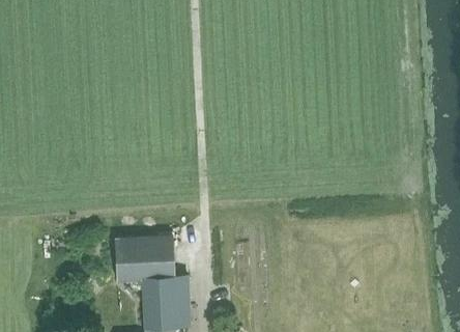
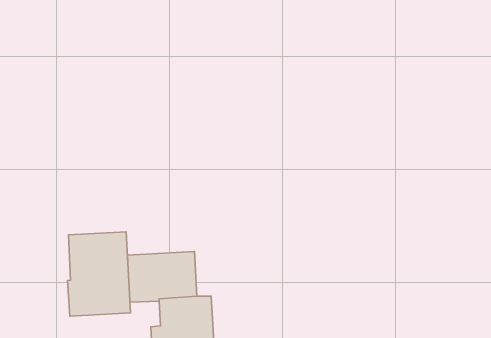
building: none -> [68,232,130,316]

